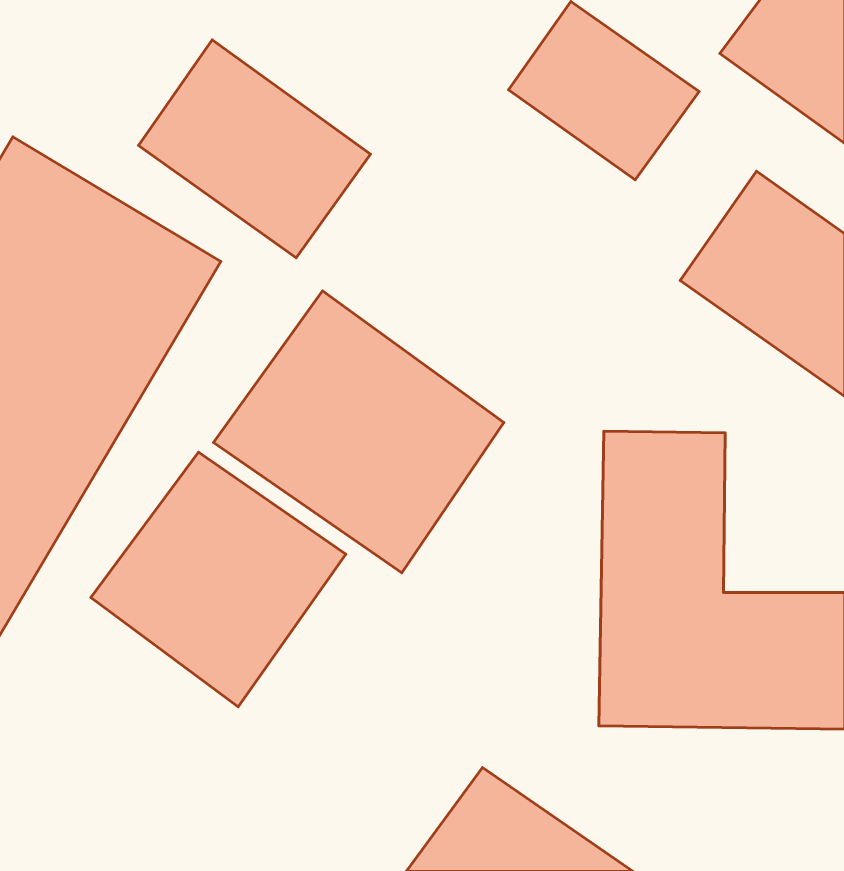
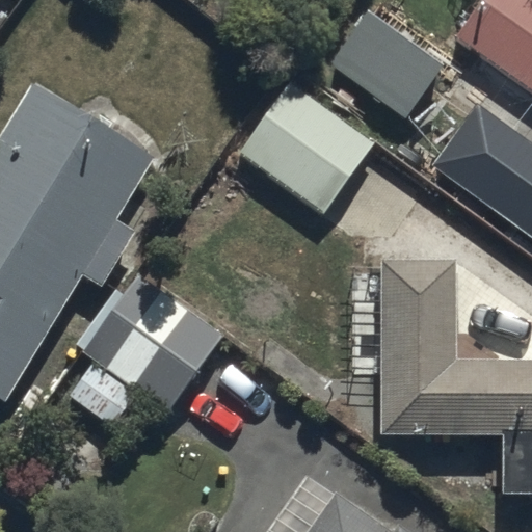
building: [138,40,371,258] -> none
building: none -> [239,81,376,211]
building: [213,291,504,573] -> none

